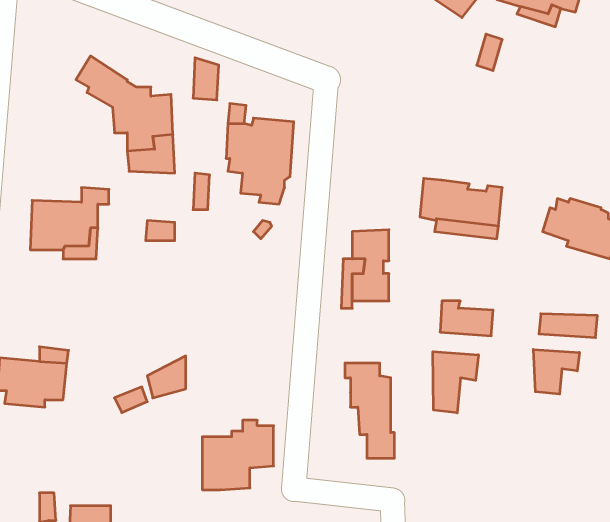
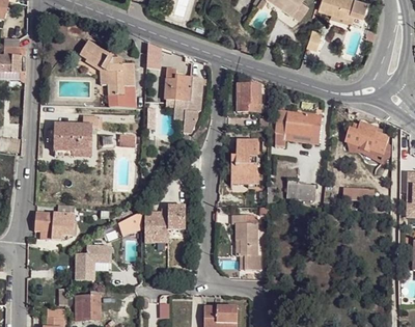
building: none -> [233,84,259,112]
building: [533,349,579,394] -> none
building: [433,352,478,413] -> none
building: none -> [76,247,111,280]
building: [202,420,274,490] -> [147,201,188,241]

